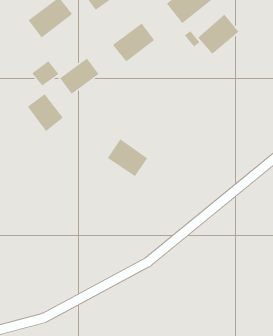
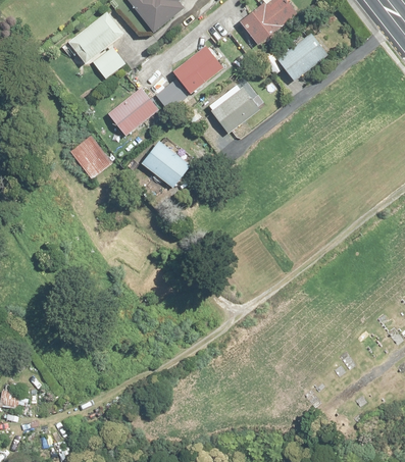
building: none -> [155,78,186,106]
building: none -> [207,81,260,132]
building: [31,60,59,87] -> [92,45,126,78]
building: [107,138,148,177] -> [139,140,190,188]

